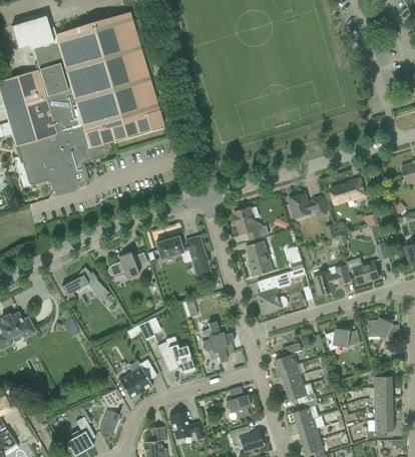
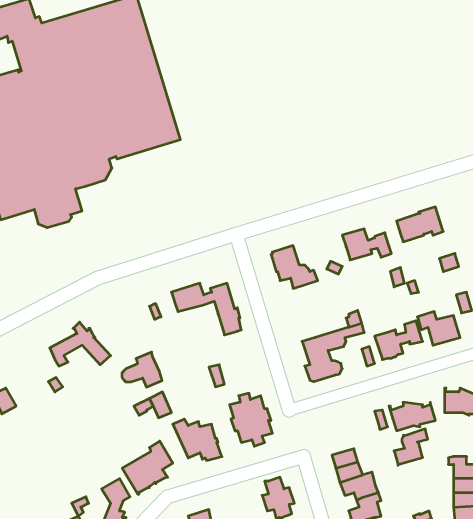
building: [247,240,273,276] -> none
building: [108,252,139,279] -> [122,352,162,387]
building: [276,342,302,370] -> [394,429,428,465]

